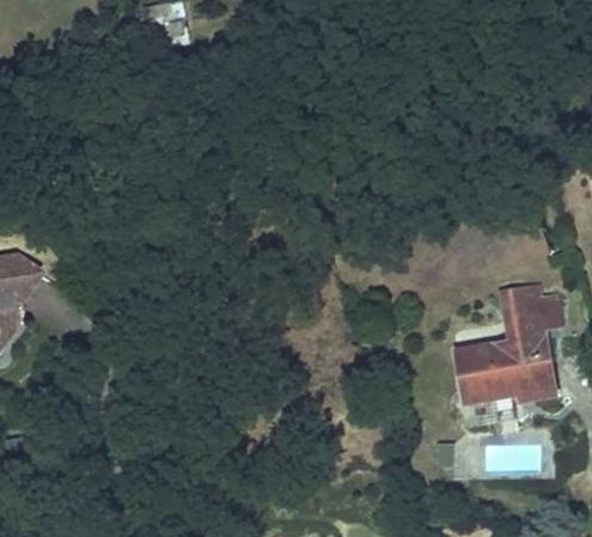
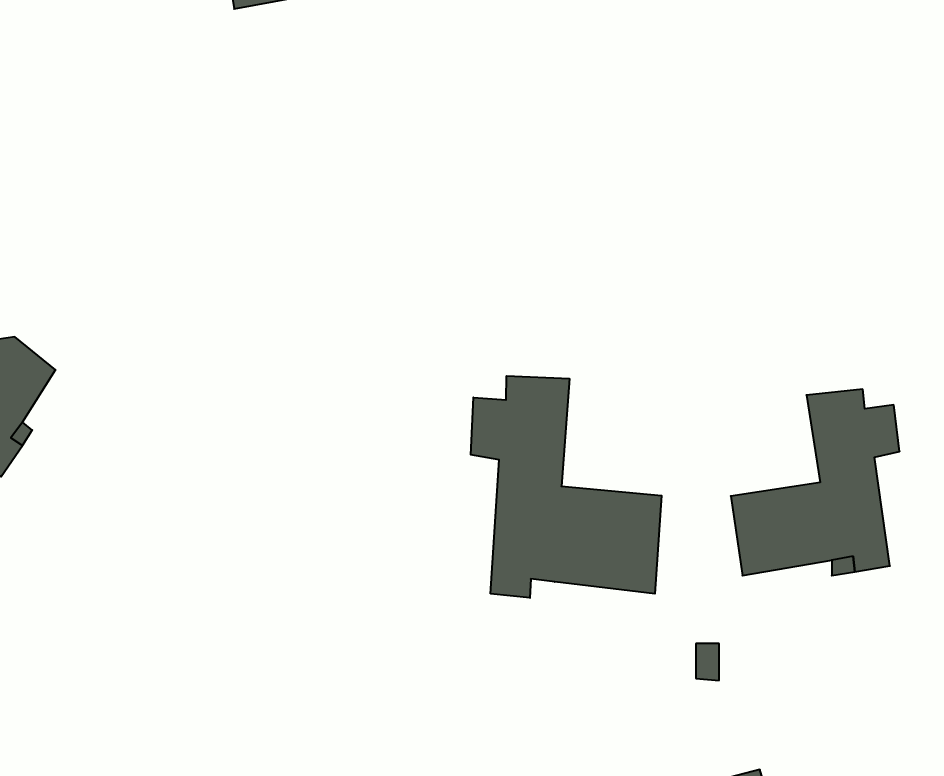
building: none -> [471,376,662,598]

